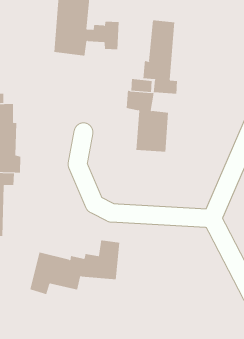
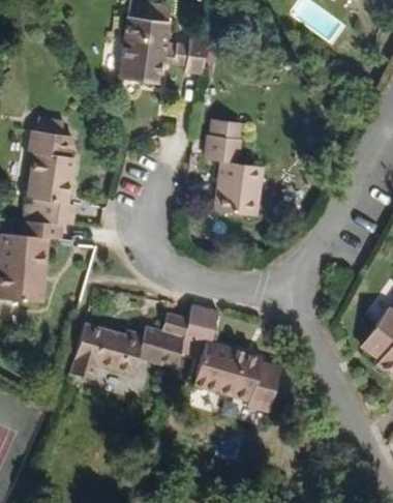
building: [143,19,178,95] -> none
building: none -> [181,305,277,402]

